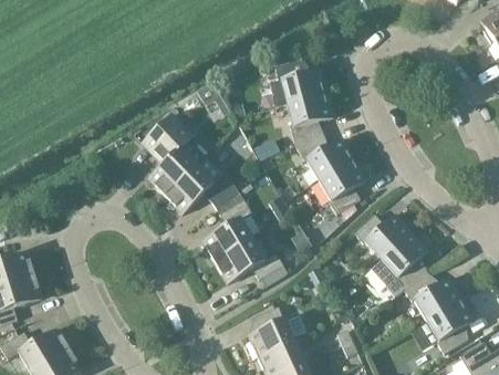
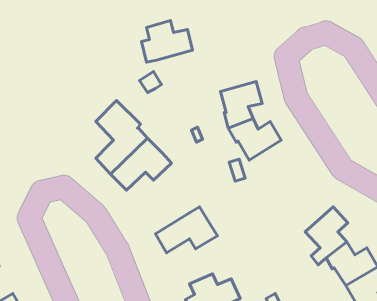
building: [270,60,326,106] -> [142,20,192,62]
building: [319,158,366,213] -> none
building: [201,199,263,262] -> none
building: [354,213,412,260] -> none

